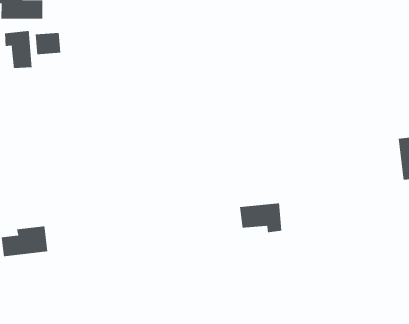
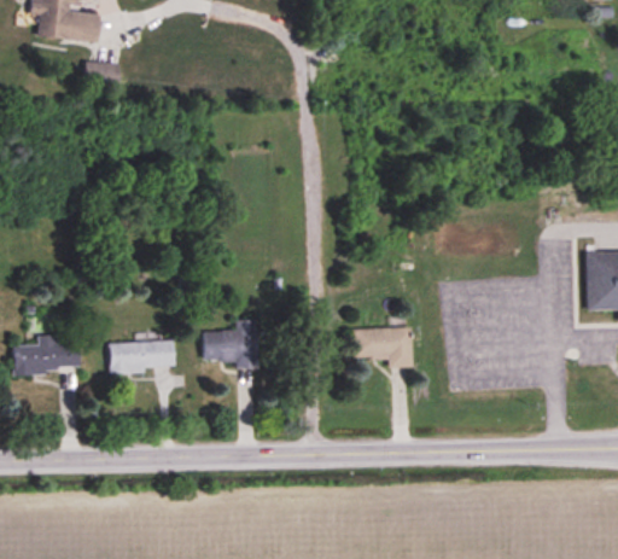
building: [5,30,32,69] -> none
building: none -> [203,320,257,368]
building: none -> [109,340,175,371]

